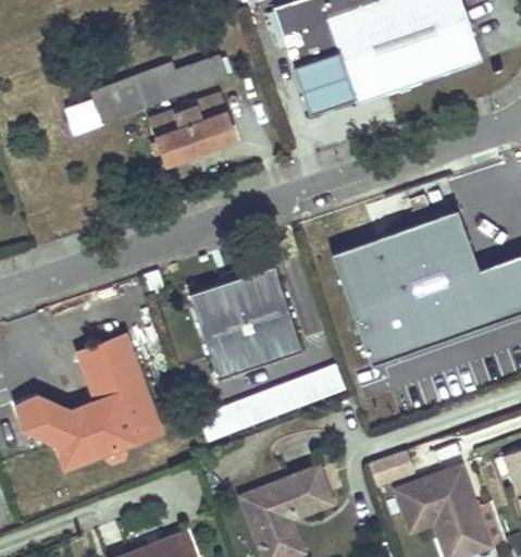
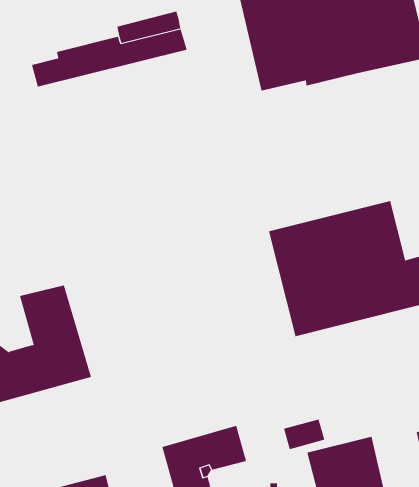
building: [150,90,235,160] -> none
building: [189,264,301,379] -> none
building: [198,364,346,437] -> none

